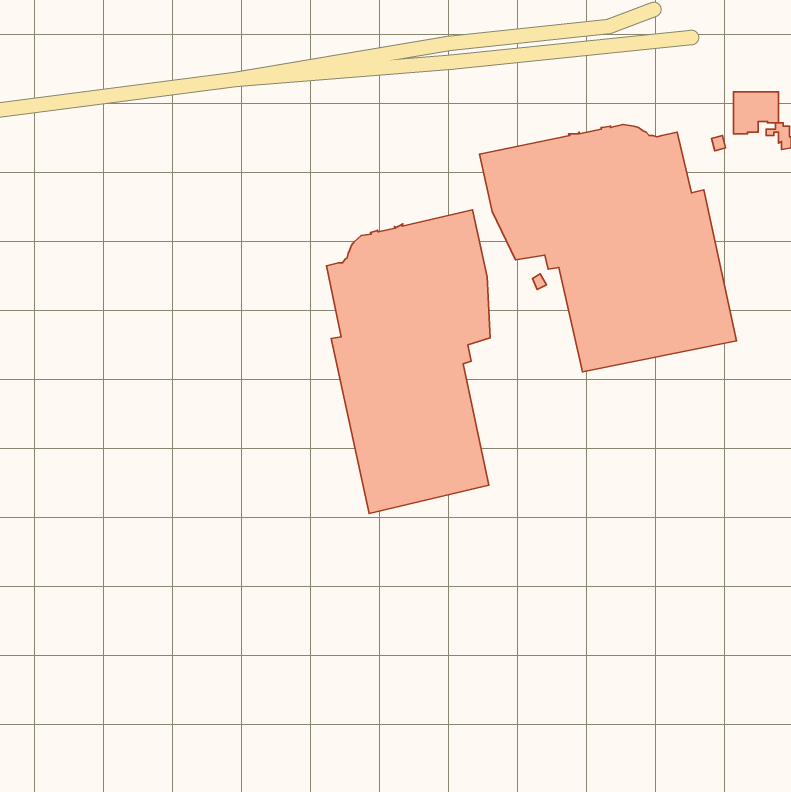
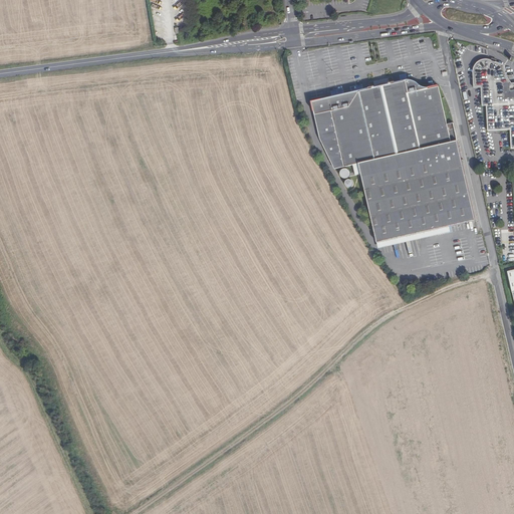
building: [326,210,490,514] -> none

